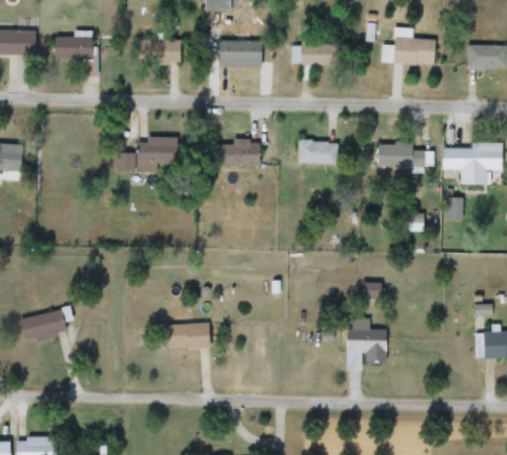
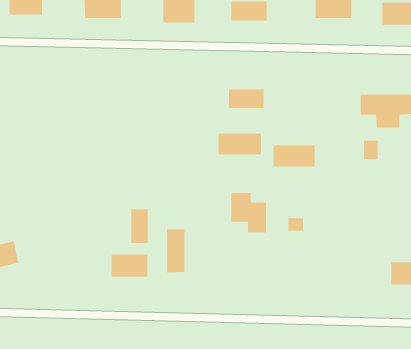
building: [116,137,179,171] -> none
building: [213,140,261,165] -> [218,133,262,155]
building: [378,143,425,167] -> [273,145,316,167]
building: none -> [131,209,148,244]
building: none -> [167,228,185,273]
building: [347,318,387,363] -> [231,192,267,233]

